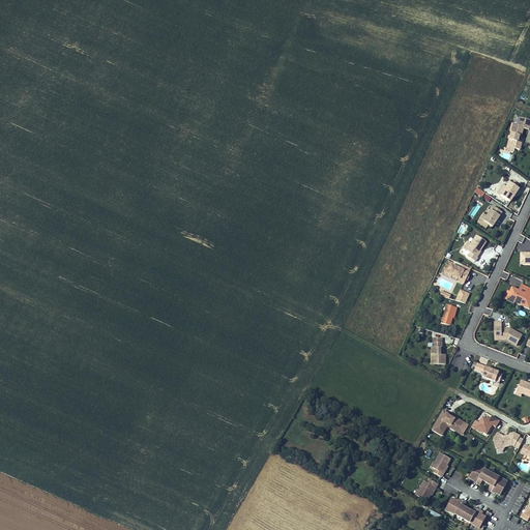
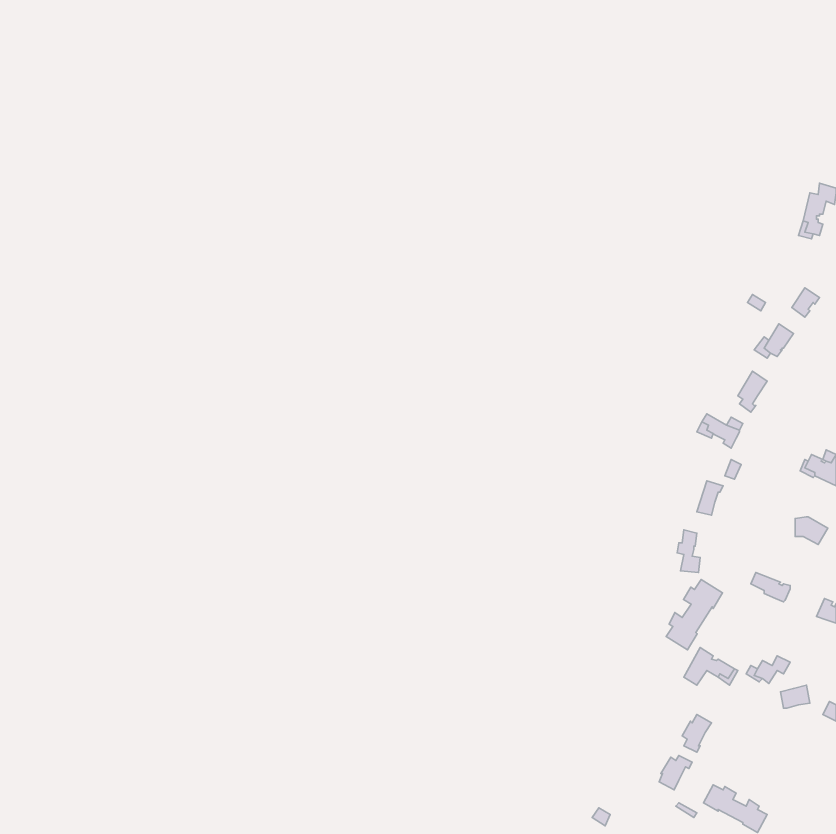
building: none -> [666,580,723,650]
building: [470,463,508,493] -> none

